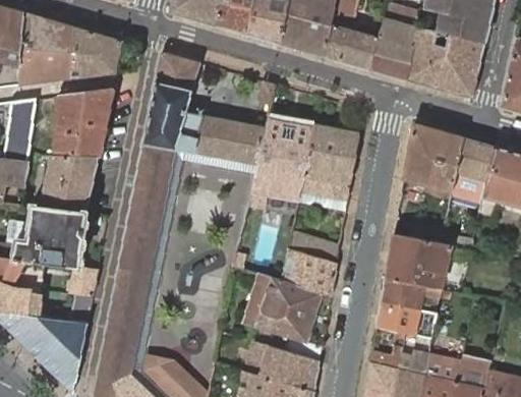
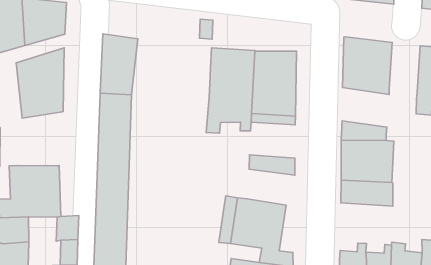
building: [156,53,200,91] -> none
building: [176,112,267,166] -> none
building: [452,138,494,203] -> none
building: [42,156,99,213] -> none
building: [282,249,337,296] -> none
building: [377,301,437,338] -> none

